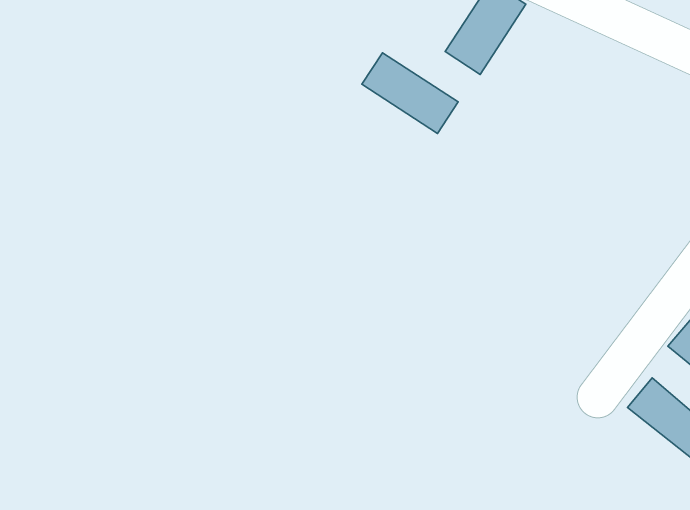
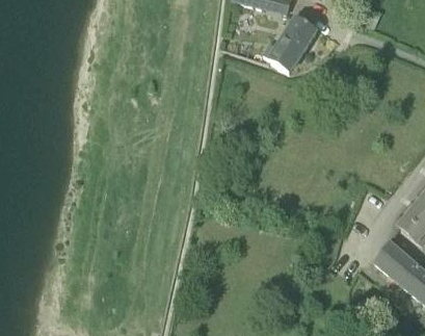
building: [362,53,458,134] -> none

